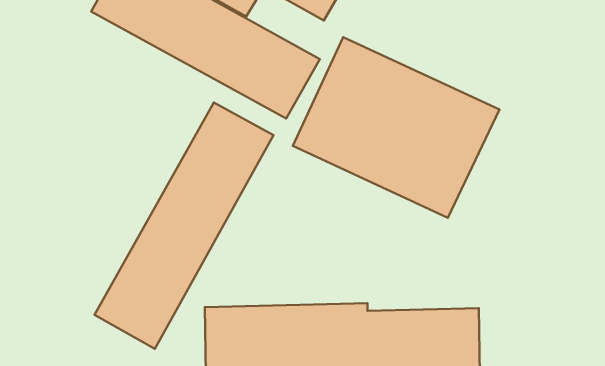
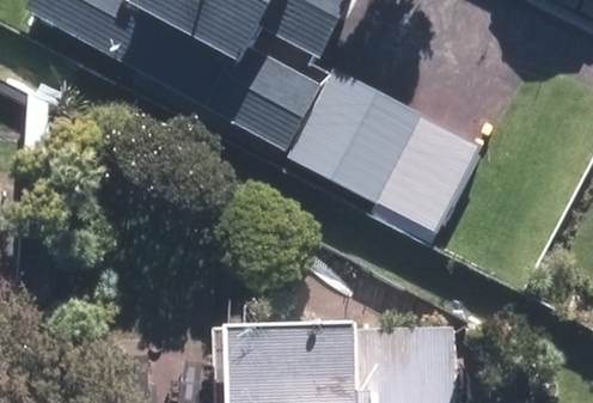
building: [94,103,274,349] -> none

